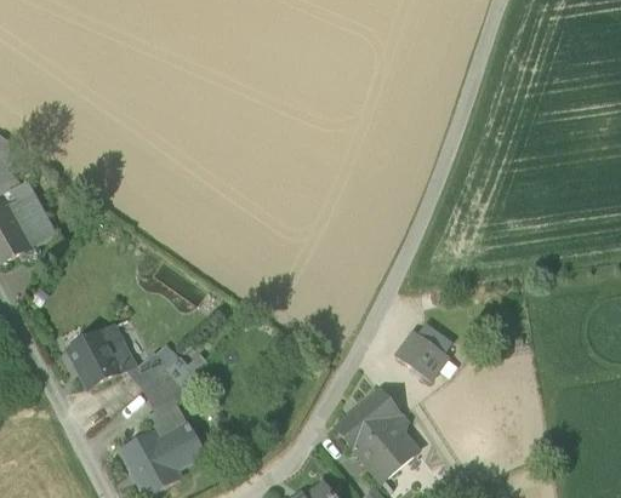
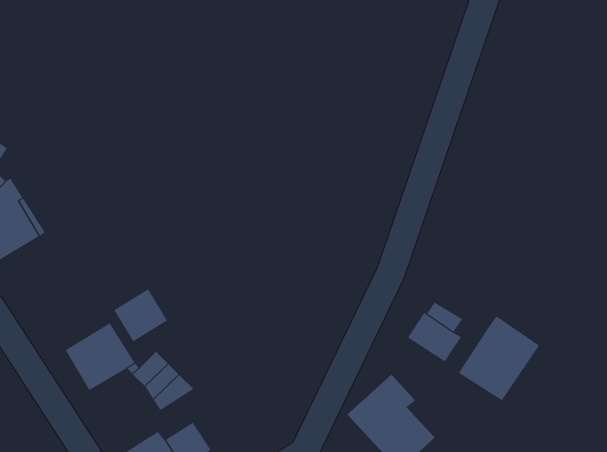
building: none -> [113,289,168,342]
building: none -> [458,315,540,401]
building: [146,400,187,439] -> none

